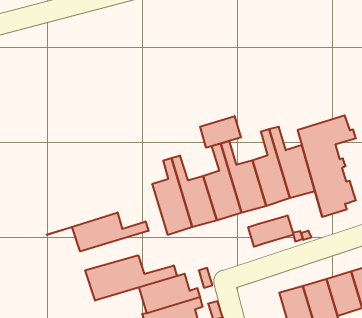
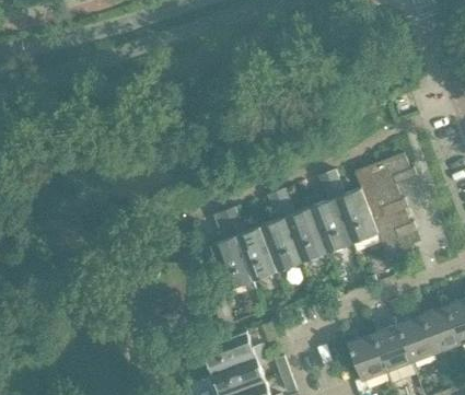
building: [200,116,241,148] -> none
building: [47,212,149,251] -> none
building: [248,215,293,247] -> none
building: [85,255,177,301] -> none

